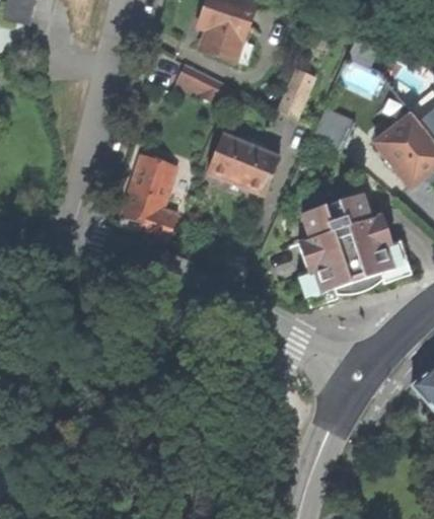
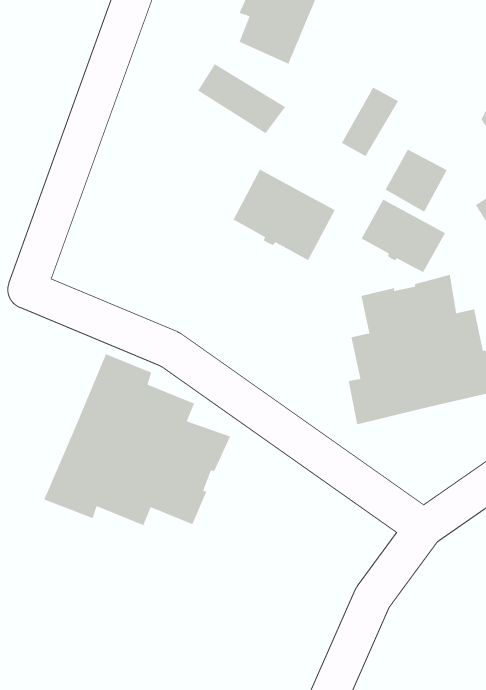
building: none -> [360,199,446,273]
building: [123,154,179,243] -> none
building: none -> [43,353,231,526]

